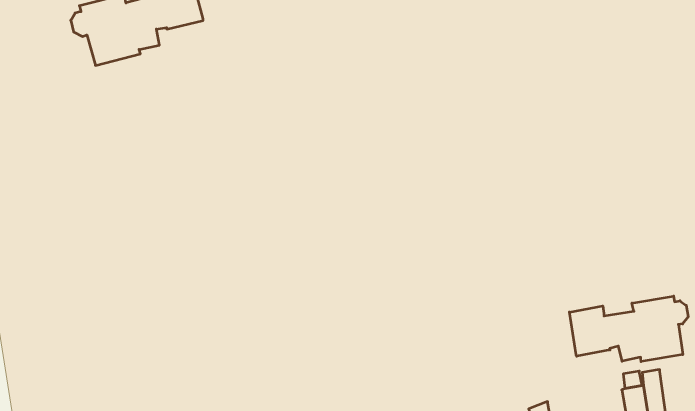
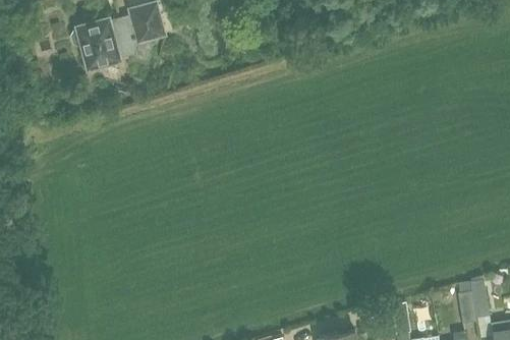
building: [569,296,688,362] -> none

